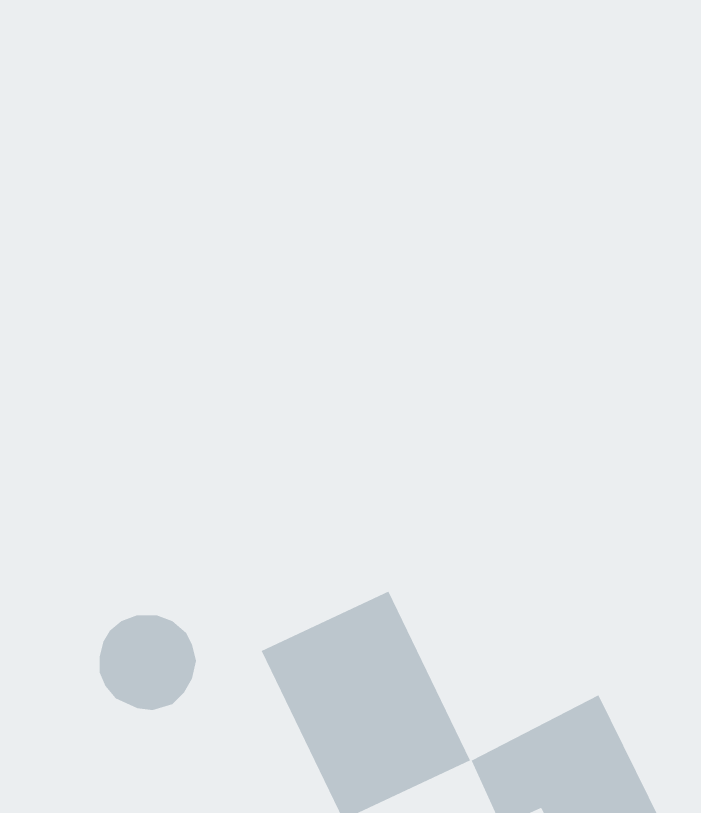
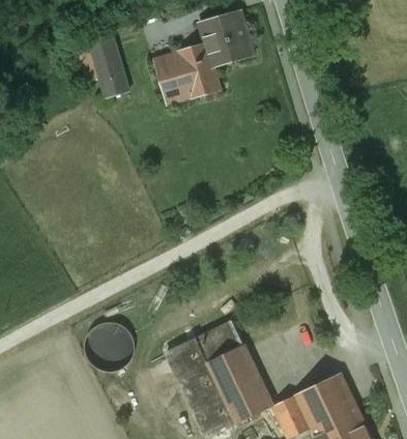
building: none -> [148,12,252,110]
building: none -> [85,39,128,103]

